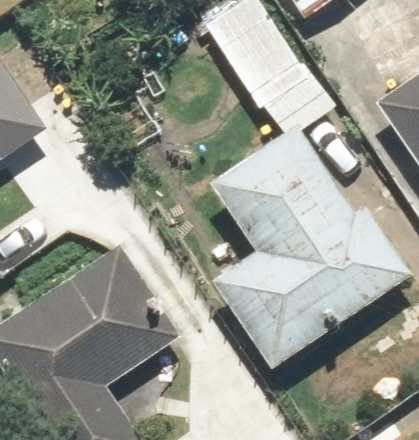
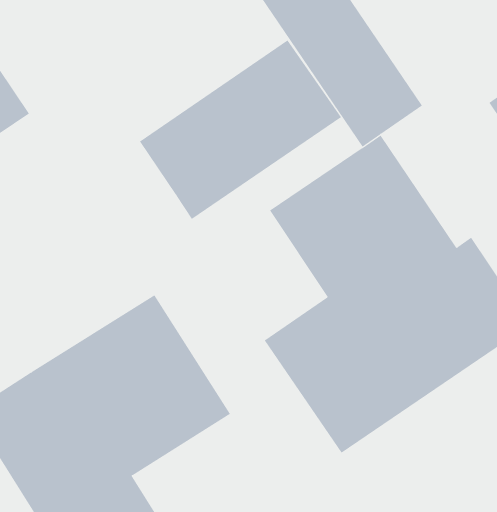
building: none -> [139,39,342,220]

